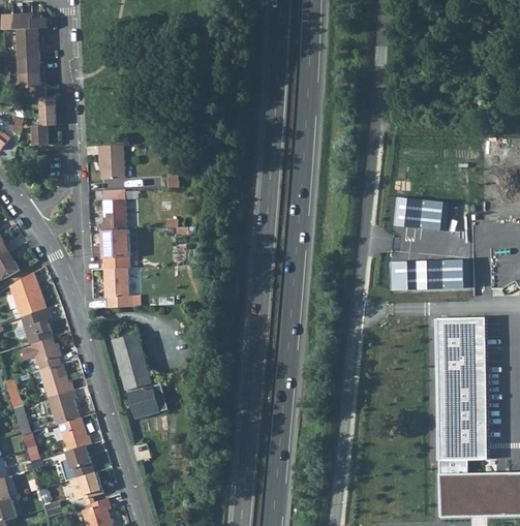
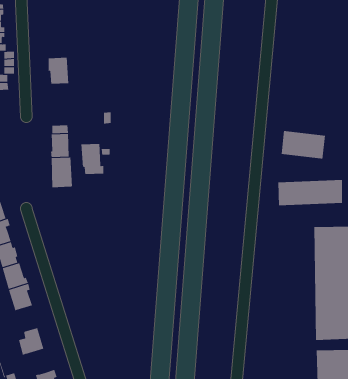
building: [98,145,125,179] -> [48,57,69,84]
building: [102,268,132,307] -> [81,144,104,175]
building: [113,324,167,420] -> none
building: [59,417,90,451] -> none
building: [69,471,102,499] -> none

